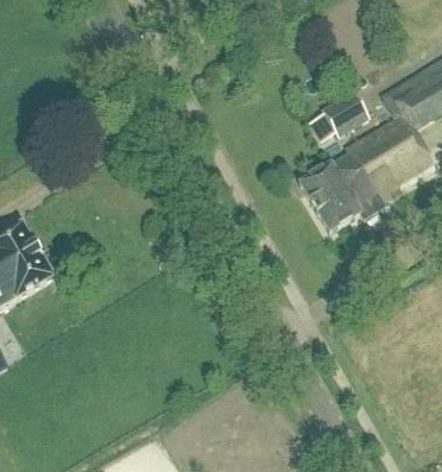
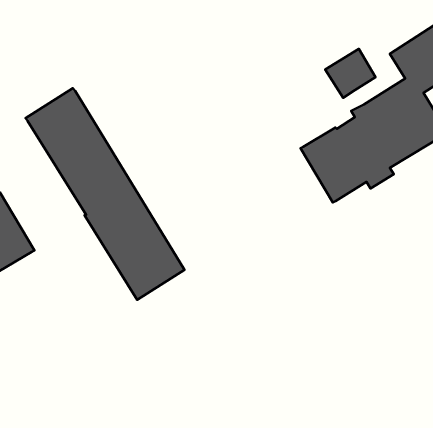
building: none -> [25,88,185,300]

